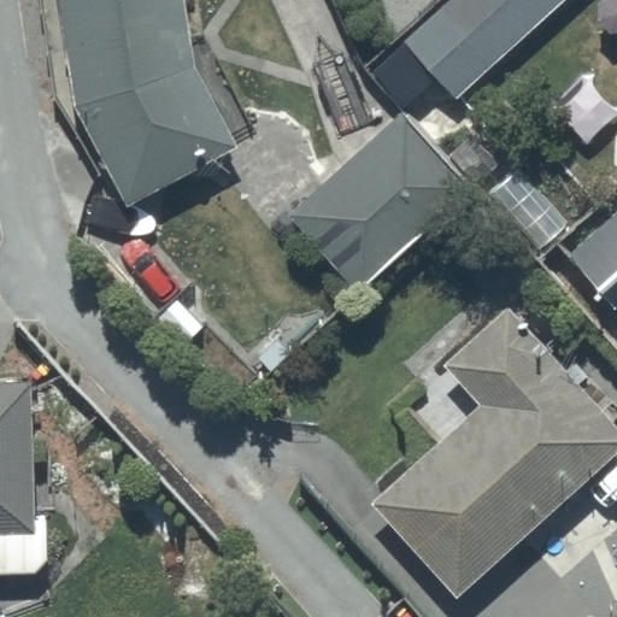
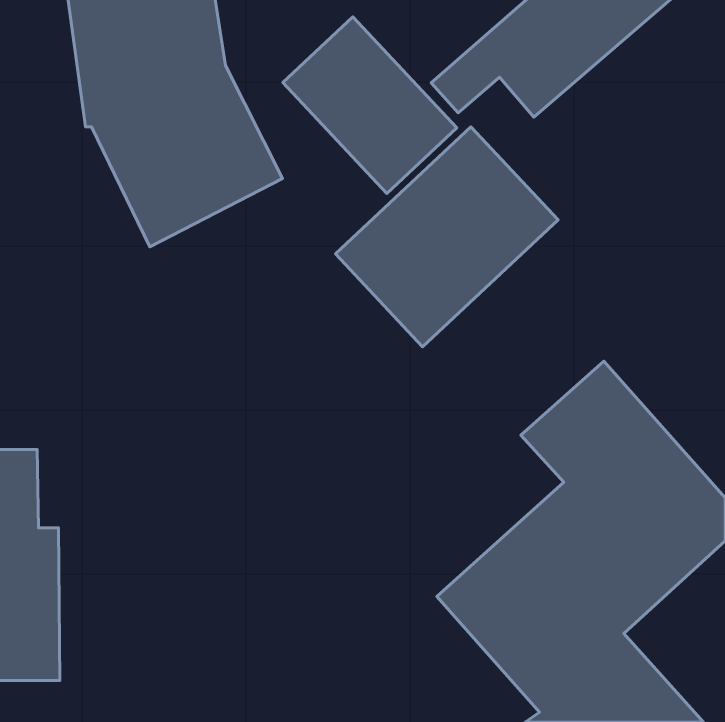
building: none -> [283,17,457,193]

